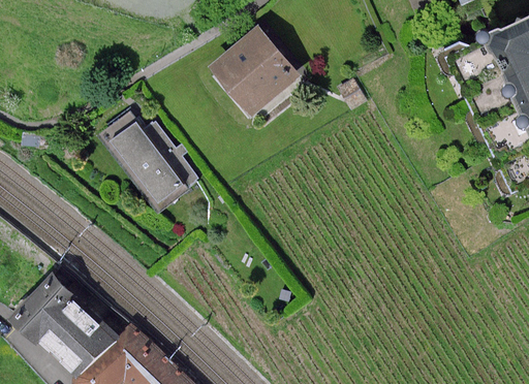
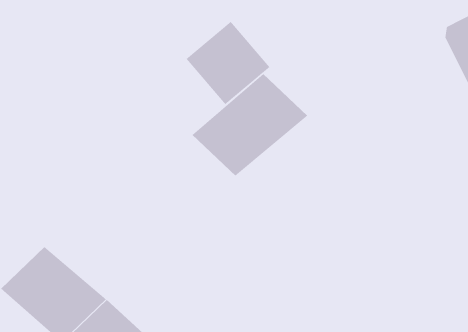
building: none -> [192,73,308,176]
building: [98,108,198,207] -> none

